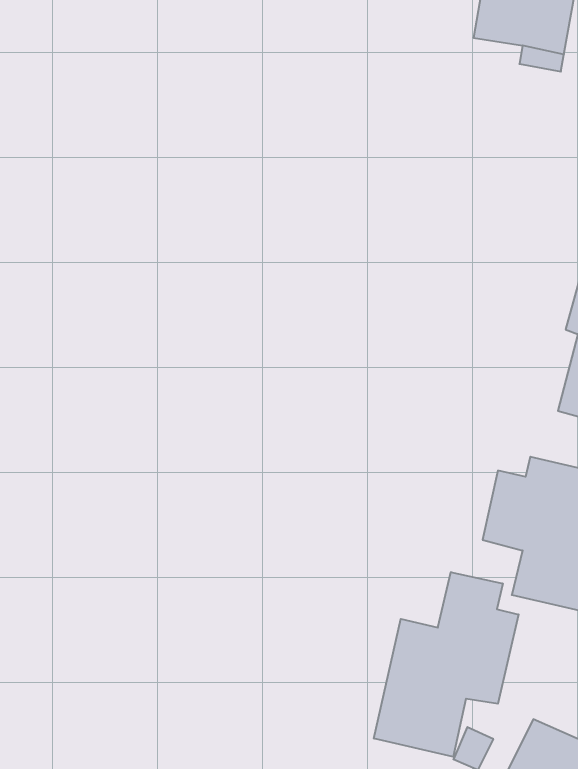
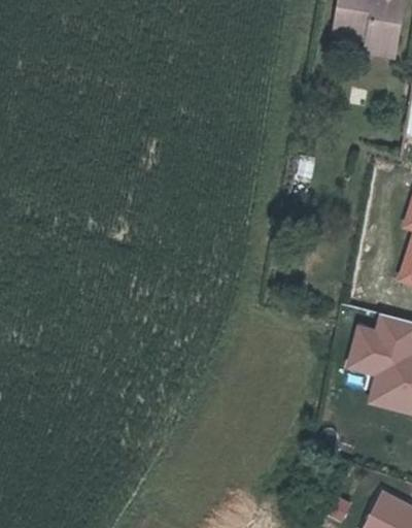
building: [374,572,519,757] -> none

